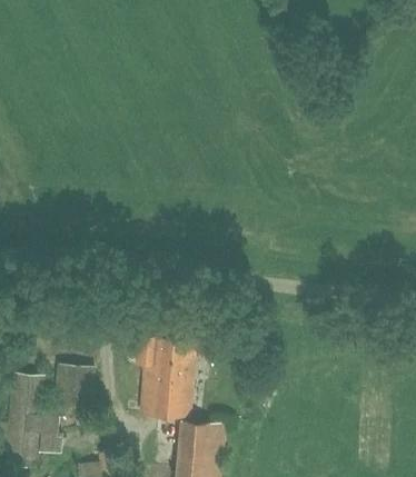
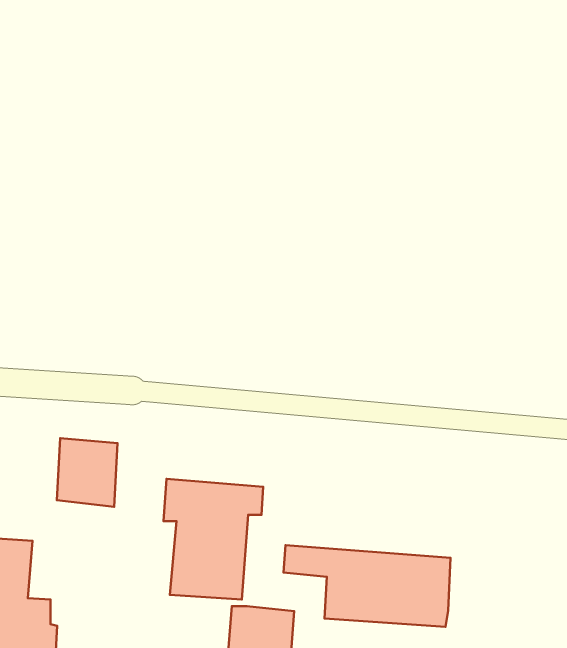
building: [52,366,93,413] -> [57,438,117,507]
building: none -> [283,545,450,627]

